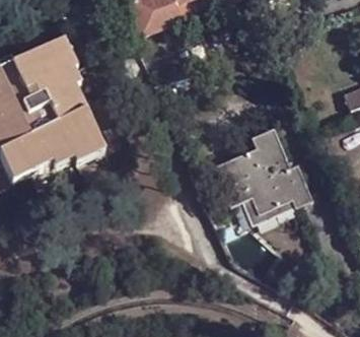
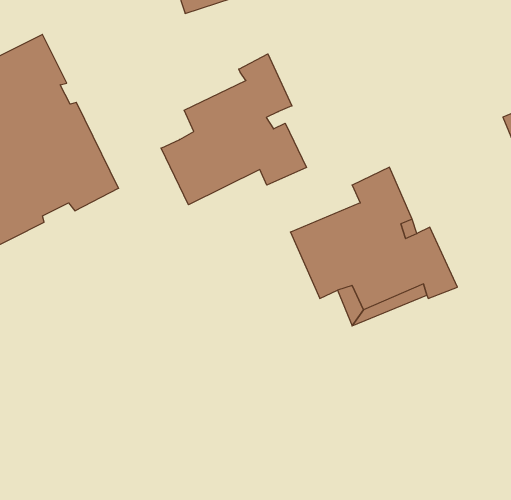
building: none -> [161,54,307,205]

